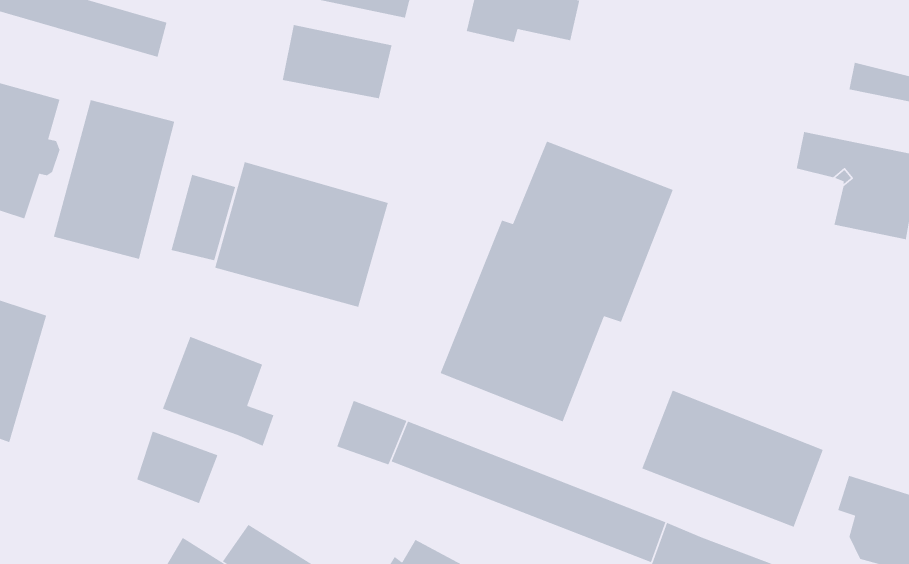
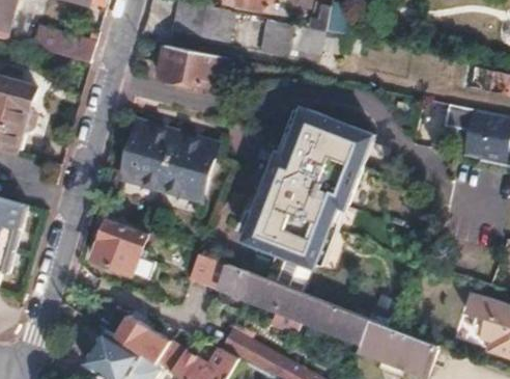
building: [53,99,175,260] -> none
building: [171,174,236,261] -> none
building: [641,389,824,528] -> none
building: [136,430,219,504] -> none

